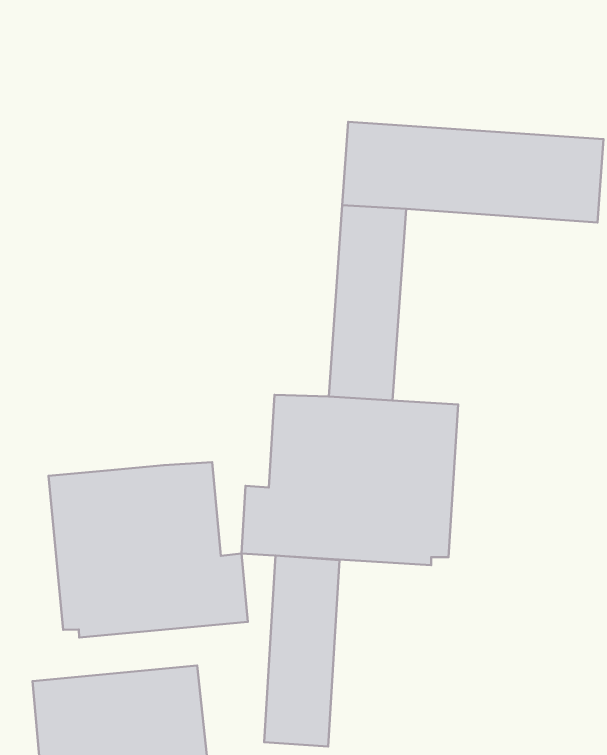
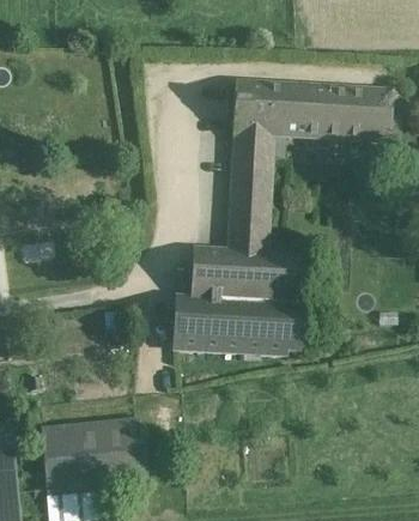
building: [49,462,248,637] -> none
building: [264,555,340,747] -> none

